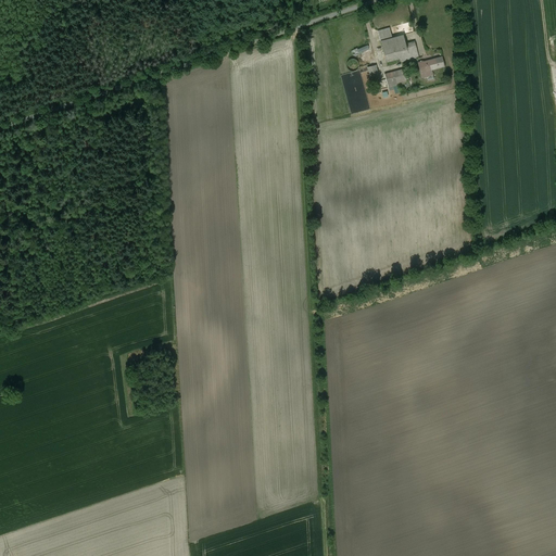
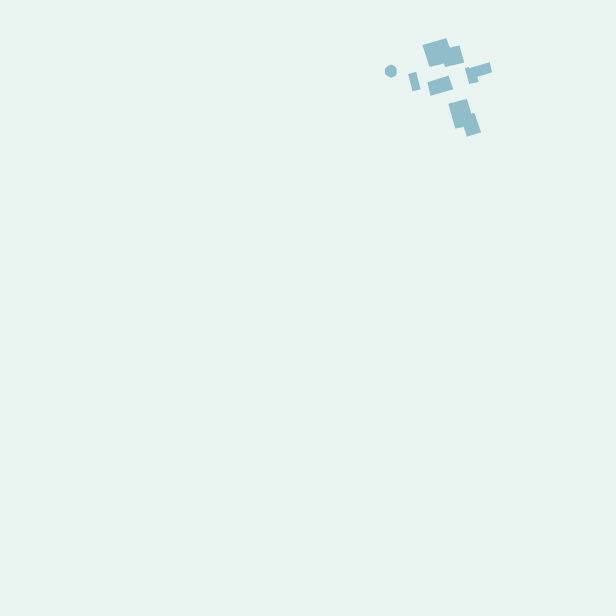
building: none -> [447,98,482,137]

